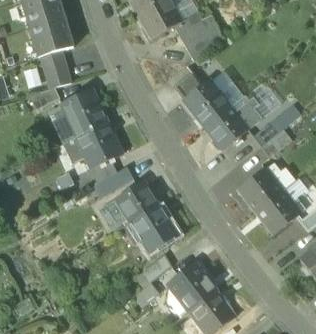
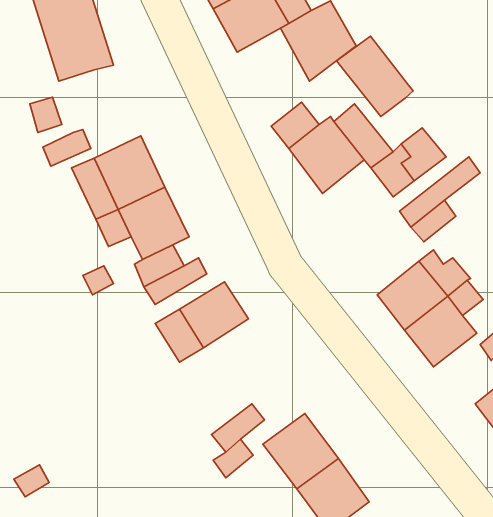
building: none -> [337,36,413,116]
building: [39,50,71,89] -> none
building: [203,106,247,150] -> none
building: [129,205,176,253] -> none

